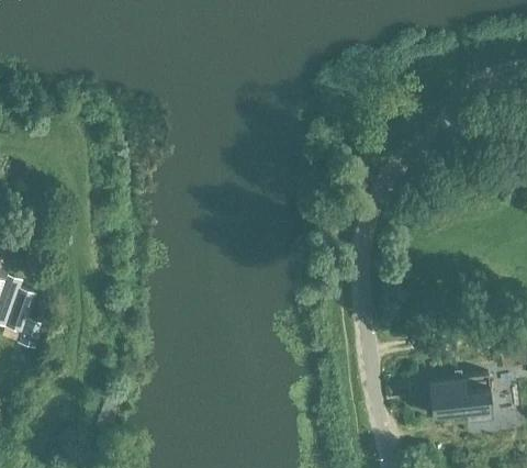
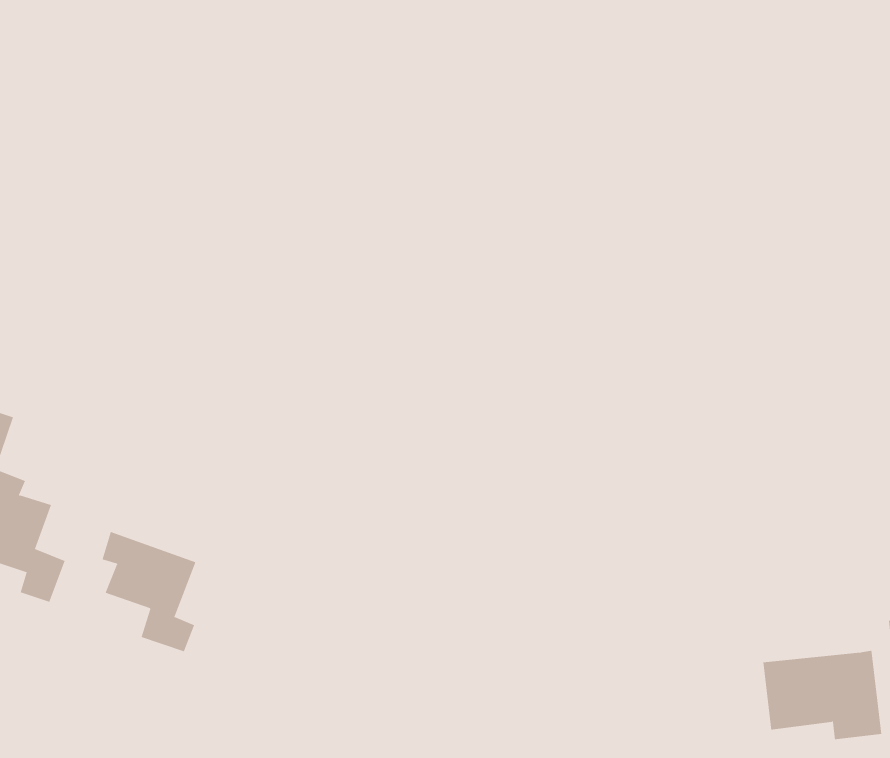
building: none -> [102,531,196,652]

